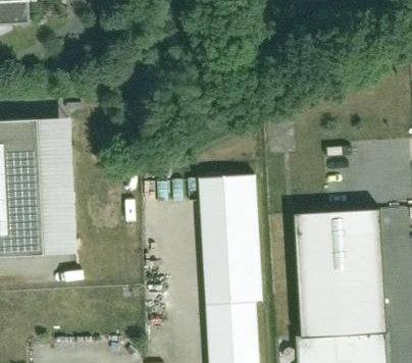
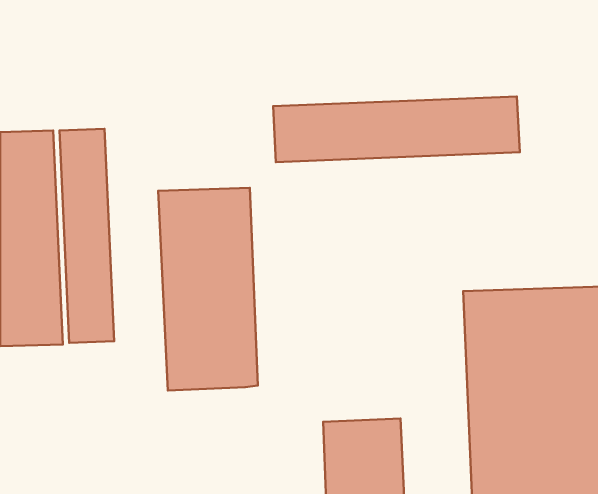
building: none -> [273,96,520,162]
building: [200,174,263,303] -> [158,188,258,390]

